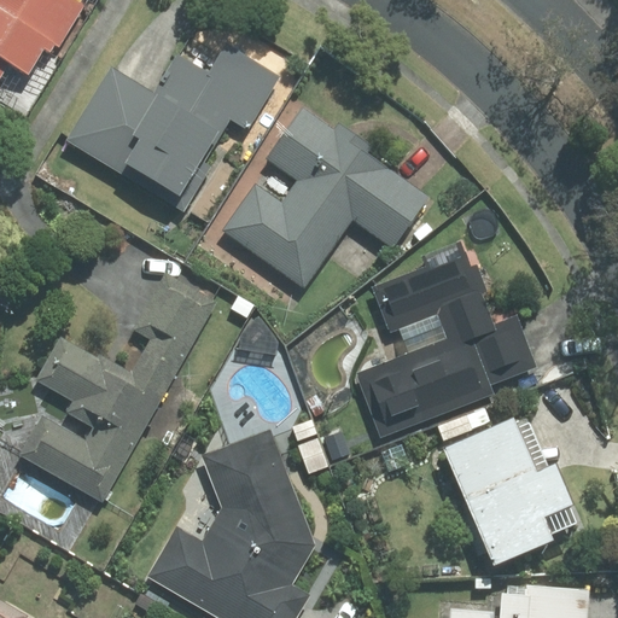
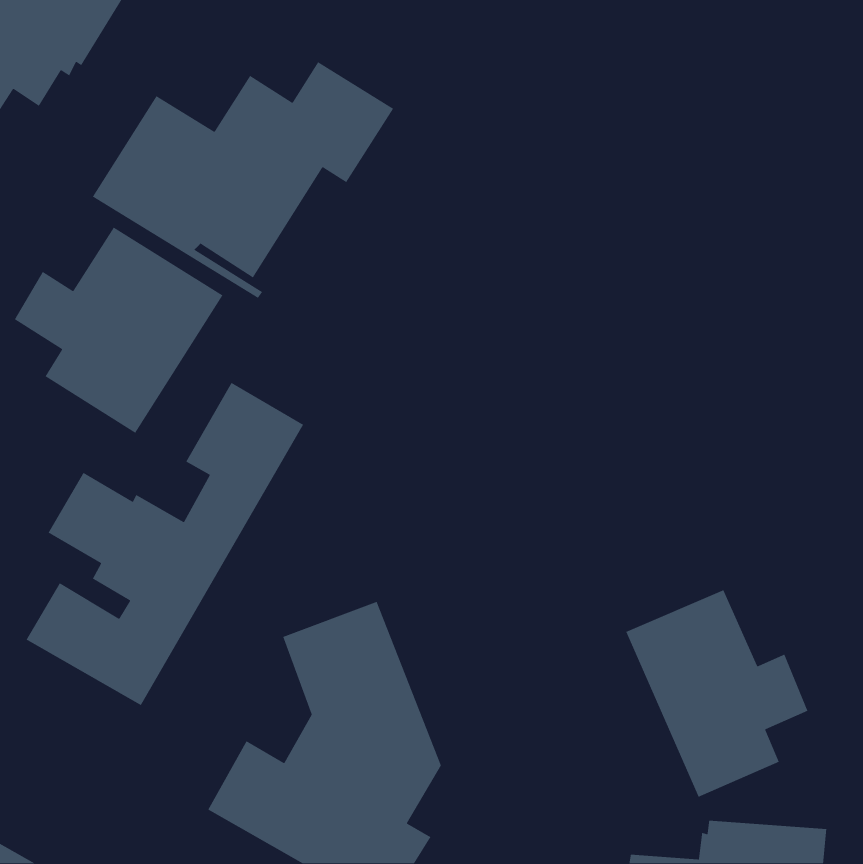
building: [220,106,428,288] -> none
building: none -> [14,227,223,434]
building: [356,239,535,437] -> none

